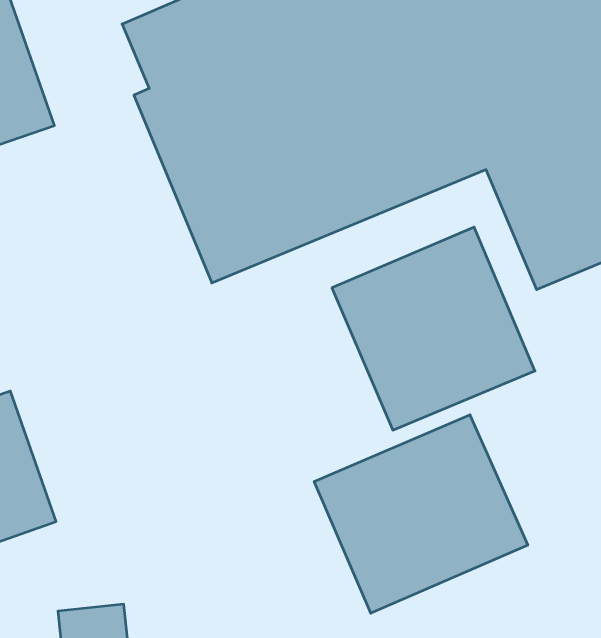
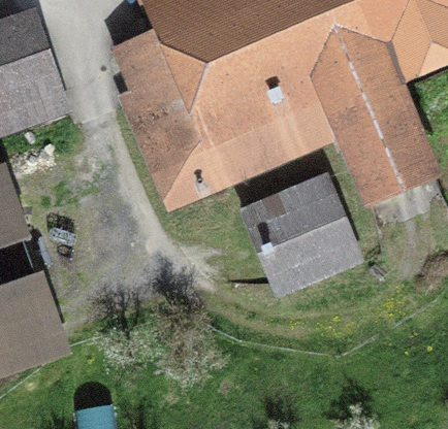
building: [314,415,528,613] -> none

